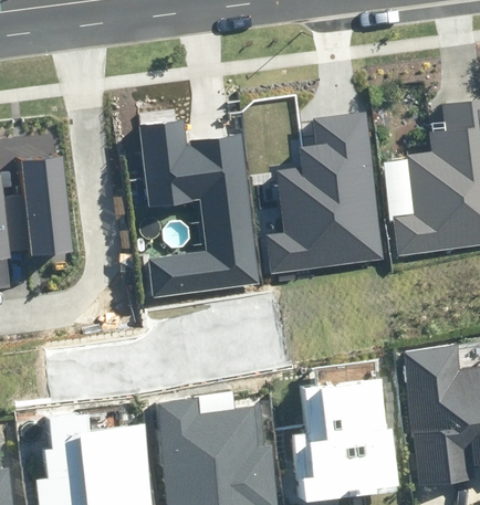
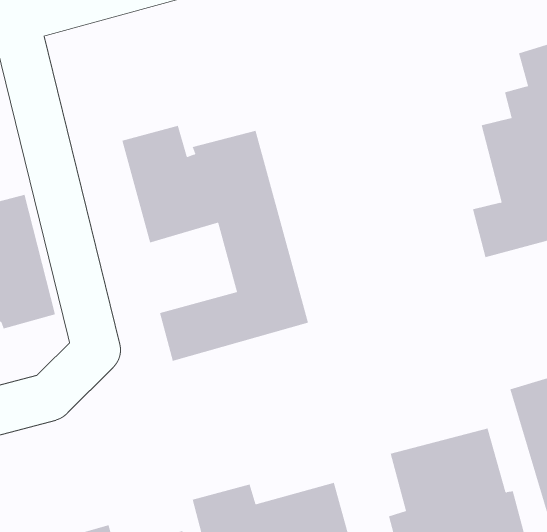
building: [268,113,383,273] -> none

